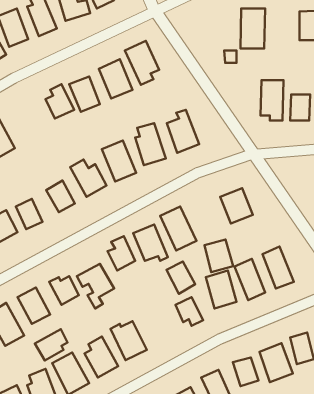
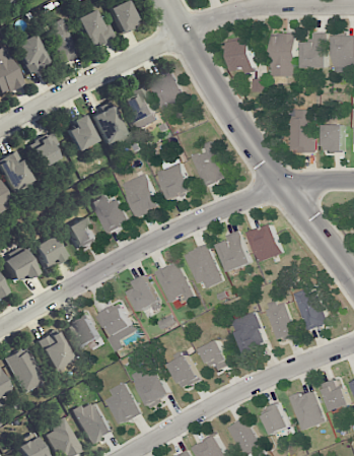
building: none -> [302,32,328,68]
building: none -> [229,39,257,72]
building: none -> [26,134,56,168]
building: [205,240,233,272] -> [220,237,251,271]
building: [166,261,195,294] -> [170,354,201,389]
building: [35,329,68,361] -> none

